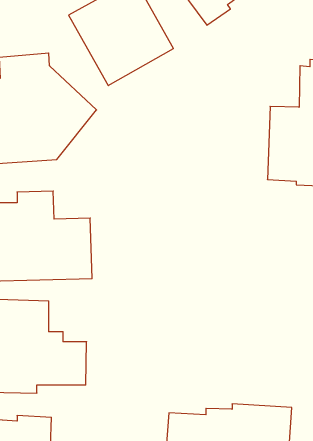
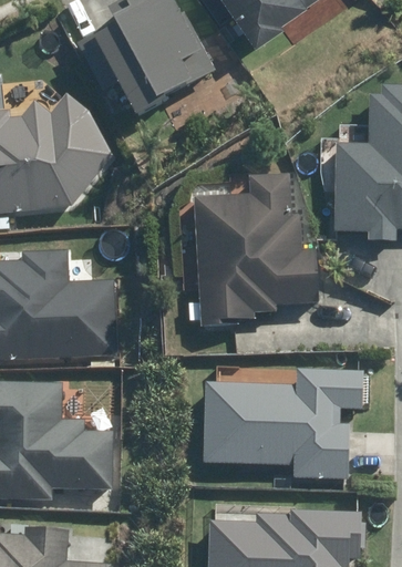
building: none -> [194,173,318,323]
building: none -> [203,369,363,478]

